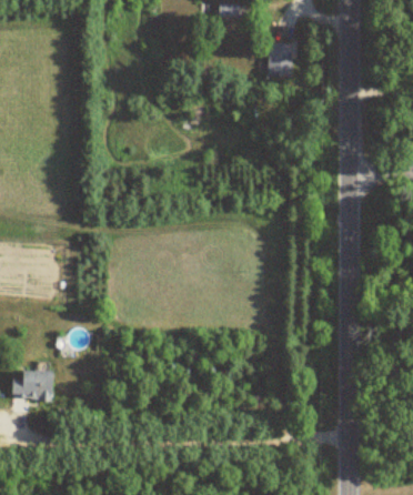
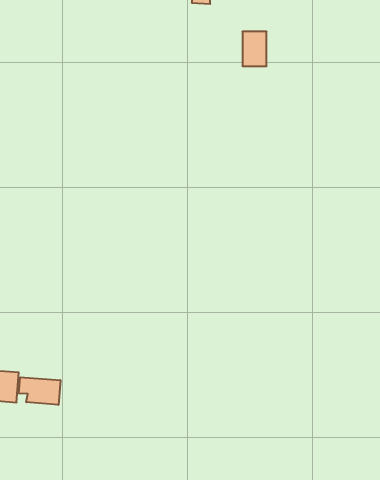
building: none -> [19,377,60,405]

